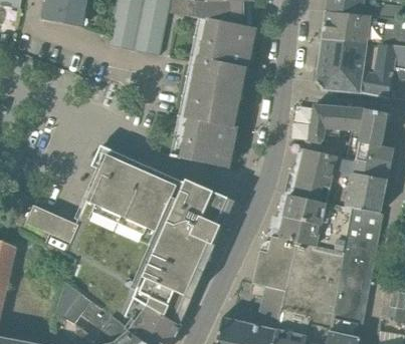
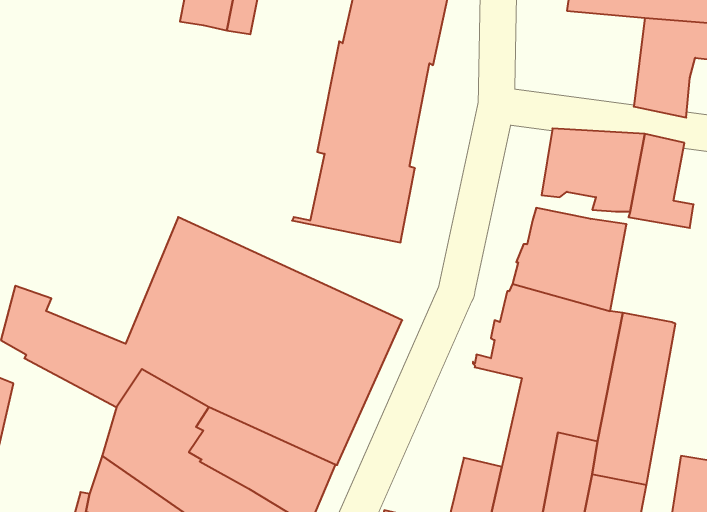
building: [316,39,365,92] -> none
building: [335,149,390,212] -> none
building: [251,237,296,292] -> none

